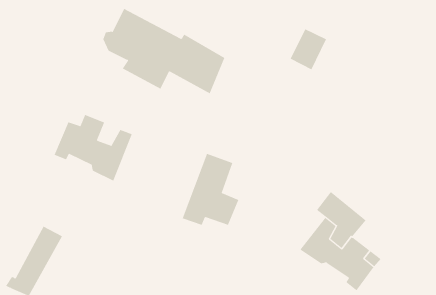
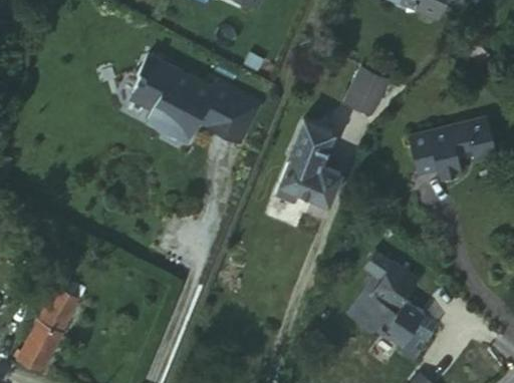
building: none -> [406,119,499,198]
building: [54,114,133,182] -> none
building: [182,153,239,225] -> [274,121,339,204]

